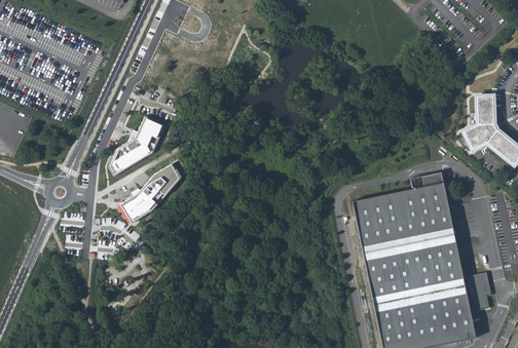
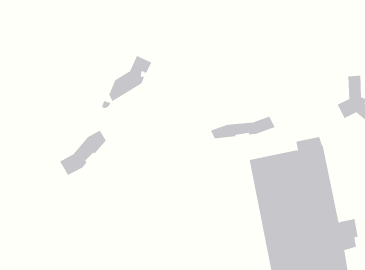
building: [110,117,163,175] -> [109,55,152,102]
building: none -> [210,116,276,139]

